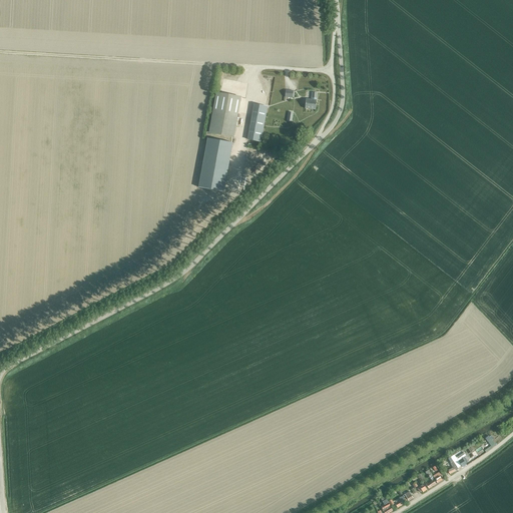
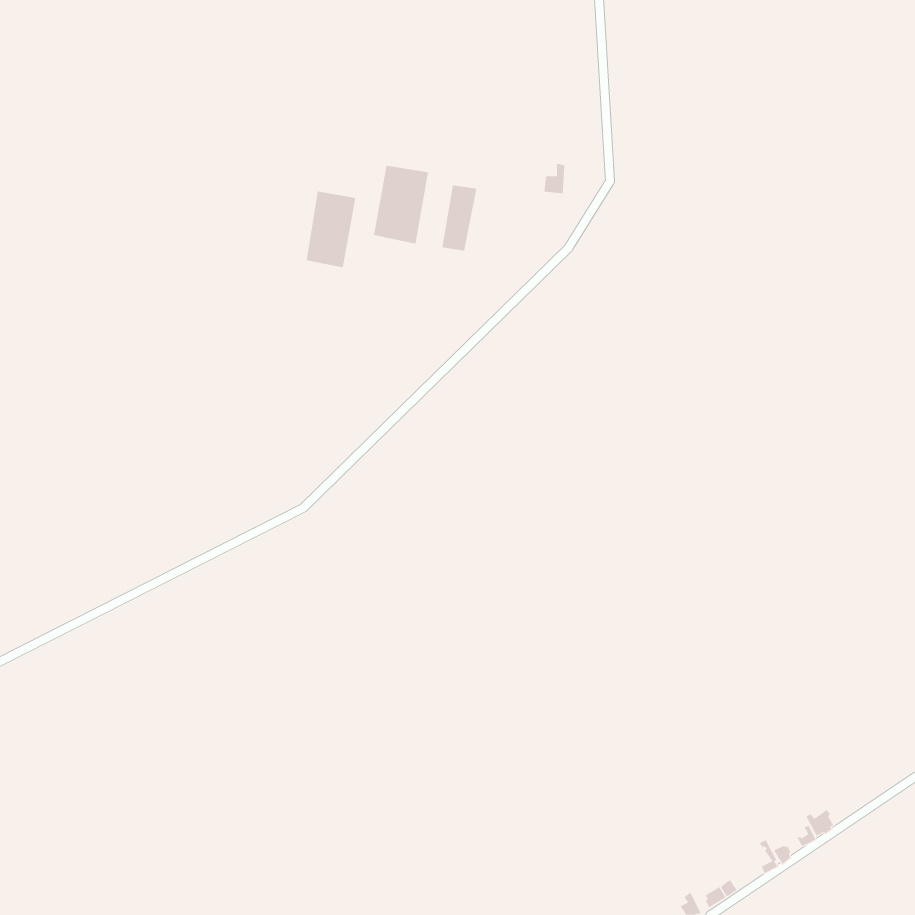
building: [201,145,229,188] -> [306,191,356,268]

